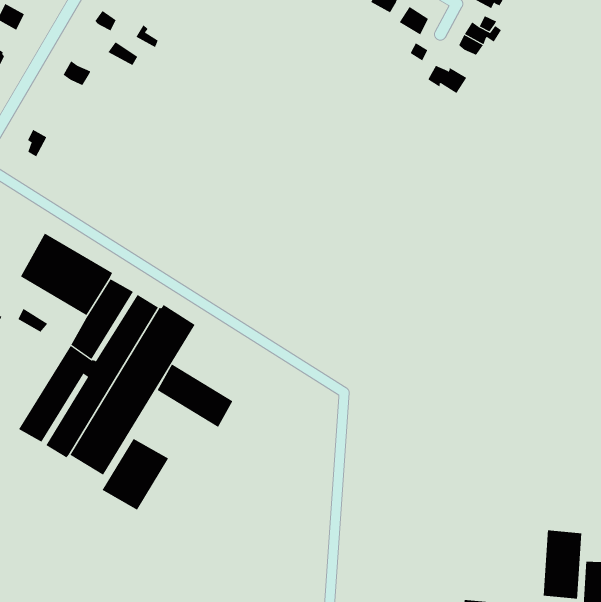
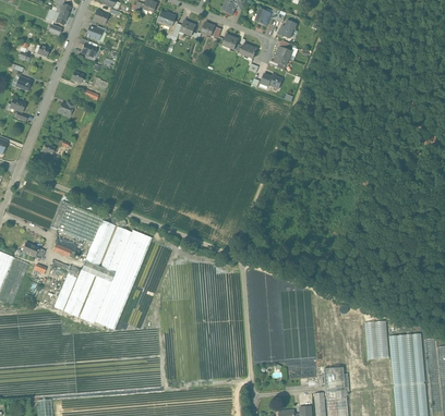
building: [157,364,233,428] -> none
building: [102,438,169,510] -> none

